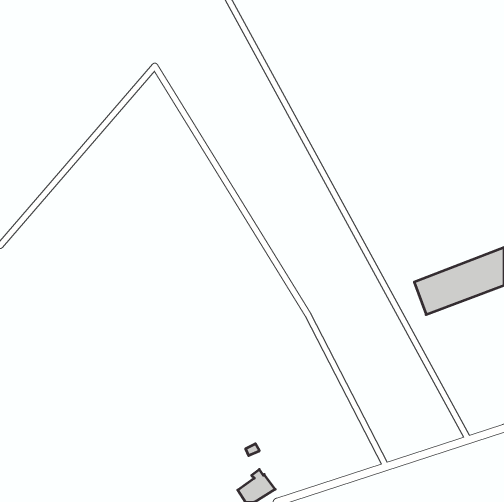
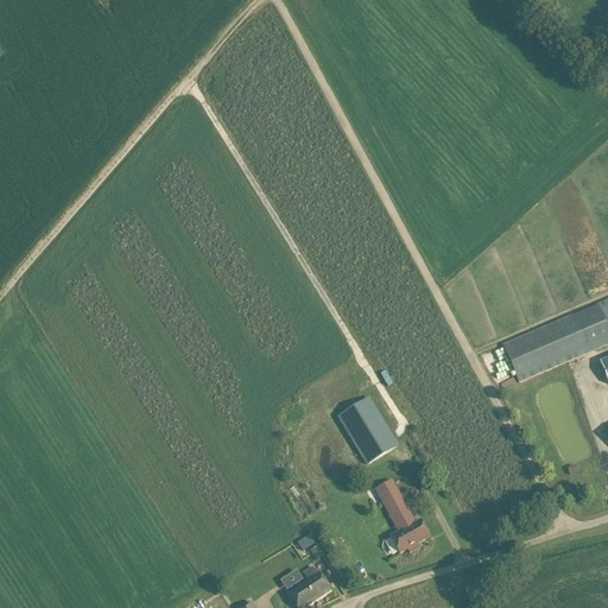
building: none -> [338,397,398,463]
building: none -> [375,480,430,553]

